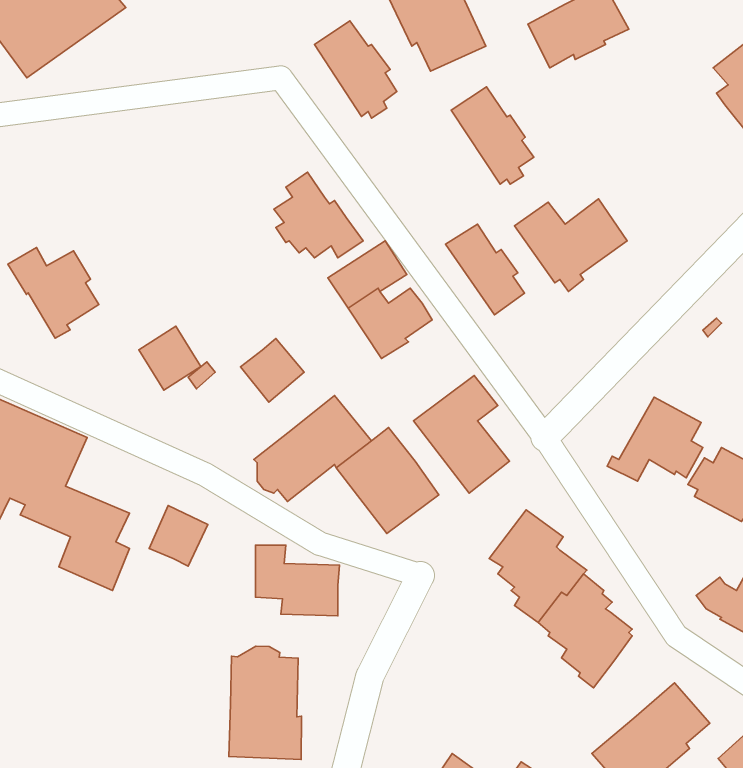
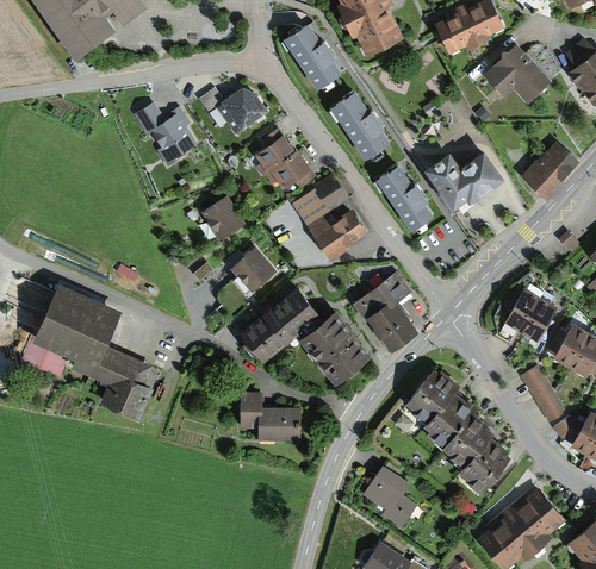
building: none -> [485,46,548,101]
building: [451,87,534,184] -> [330,90,389,160]
building: none -> [198,87,268,136]
building: none -> [521,142,577,199]
building: [8,247,99,338] -> [134,104,198,168]
building: [139,326,201,390] -> [200,195,244,240]
building: [149,505,208,566] -> none
building: none -> [521,368,564,423]
building: [229,646,301,760] -> none
building: none -> [364,467,416,529]

